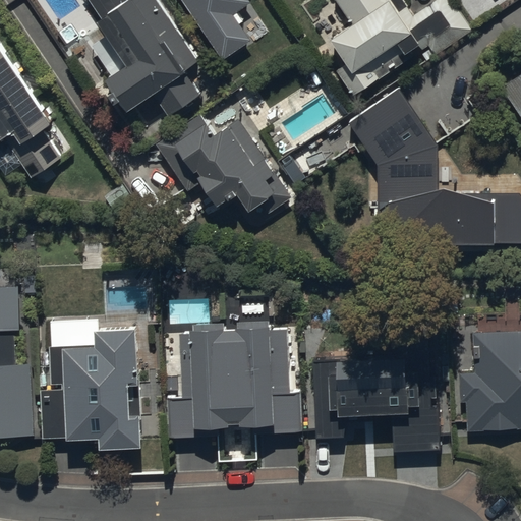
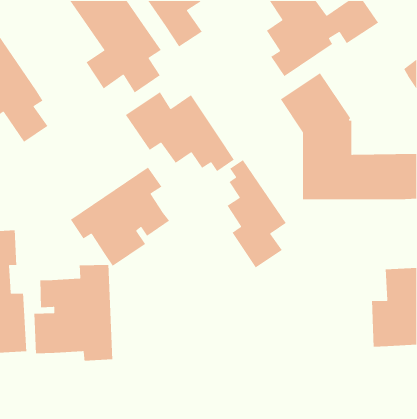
building: none -> [227,159,287,268]
building: none -> [70,167,170,267]
building: [162,325,301,439] -> none
building: [314,337,443,453] -> none

